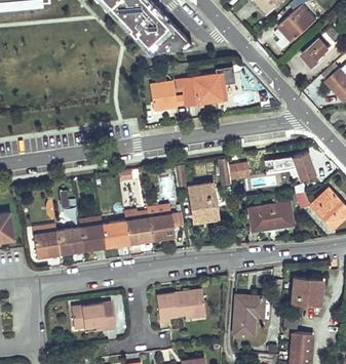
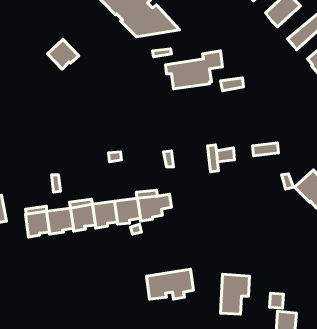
building: none -> [48,39,79,69]
building: [150,81,177,108] -> none
building: [291,151,316,185] -> none
building: [189,190,218,220] -> none
building: [248,202,292,231] -> none
building: [292,278,321,305] -> none
building: [72,301,119,331] -> none

